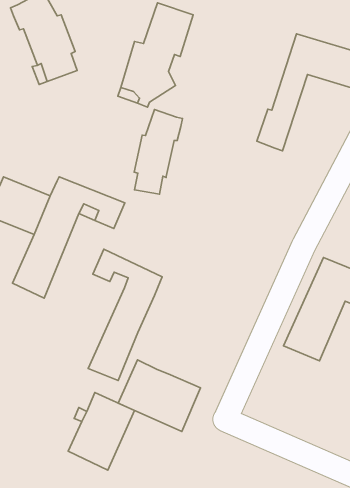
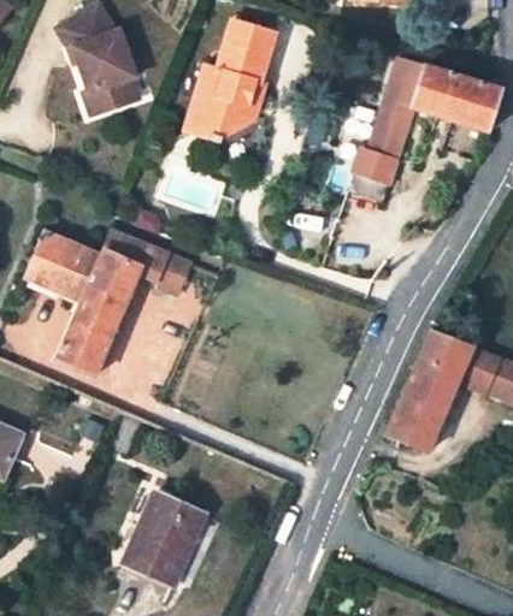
building: [134,110,183,194] -> none
building: [88,249,162,380] -> none
building: [118,360,200,432] -> none

